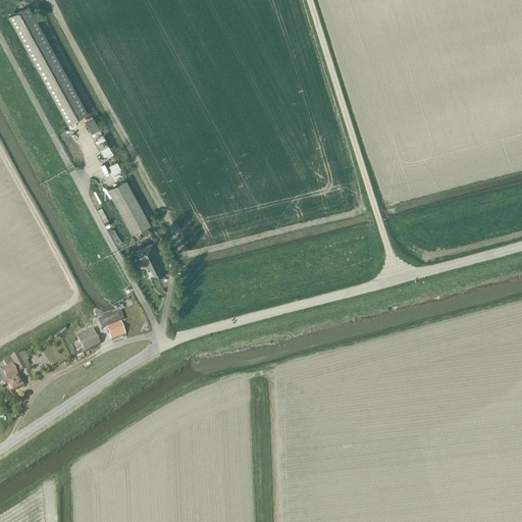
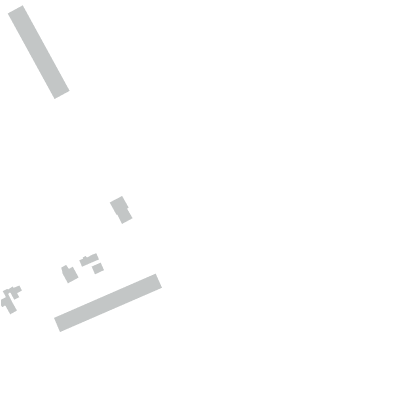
building: [107,180,150,234] -> none
building: none -> [53,272,163,333]

